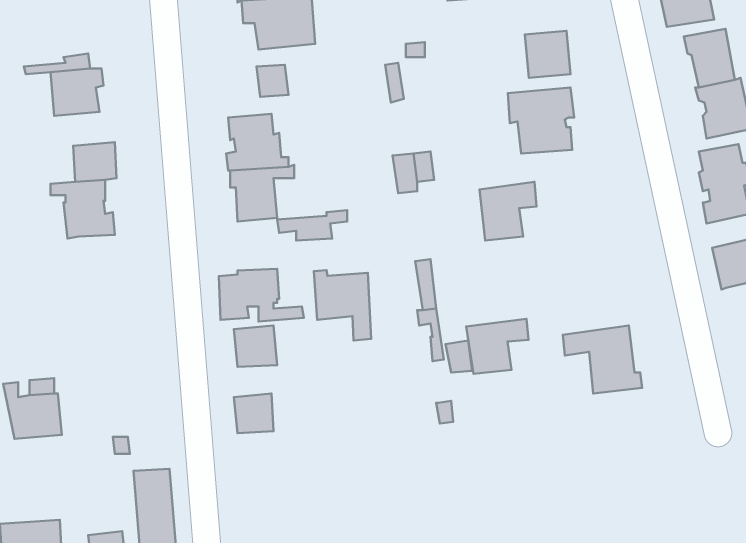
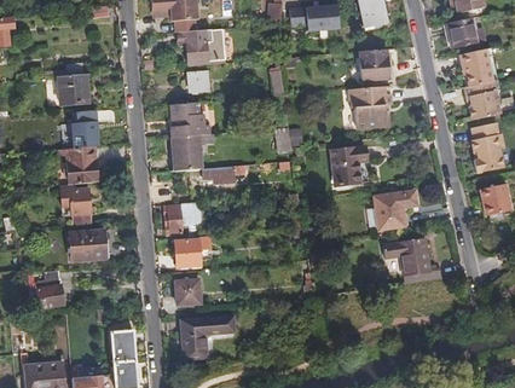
building: none -> [59,181,89,222]
building: [314,270,371,341] -> none
building: none -> [71,231,109,262]
building: [466,319,528,374] -> [375,193,415,228]
building: none -> [179,317,237,359]

